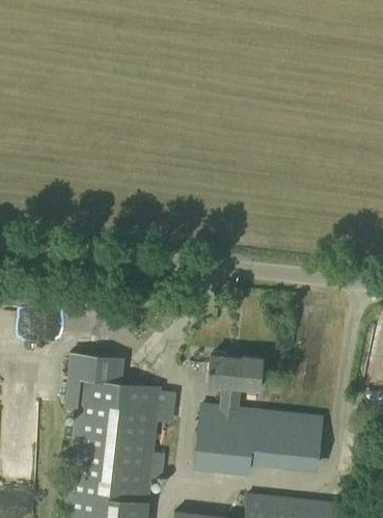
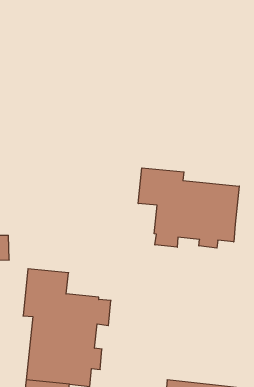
building: none -> [138,168,239,248]
building: [197,354,322,473] -> none

